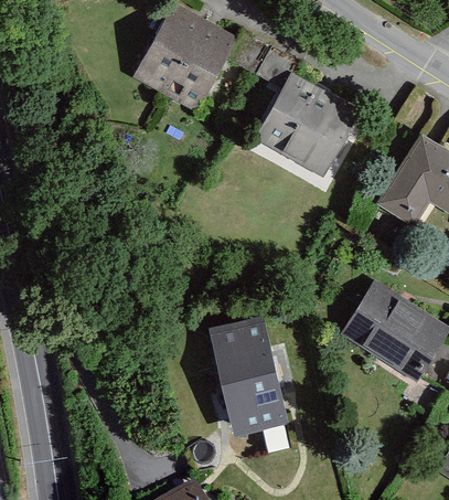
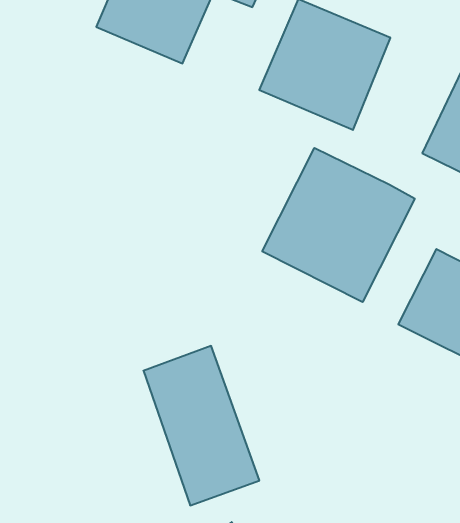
building: none -> [262,148,415,302]
building: [209,317,289,439] -> [143,346,259,505]

